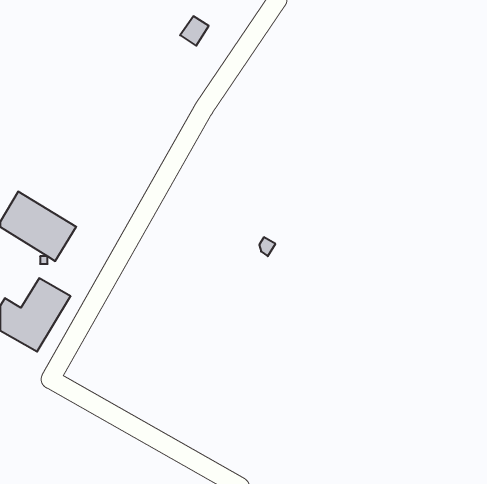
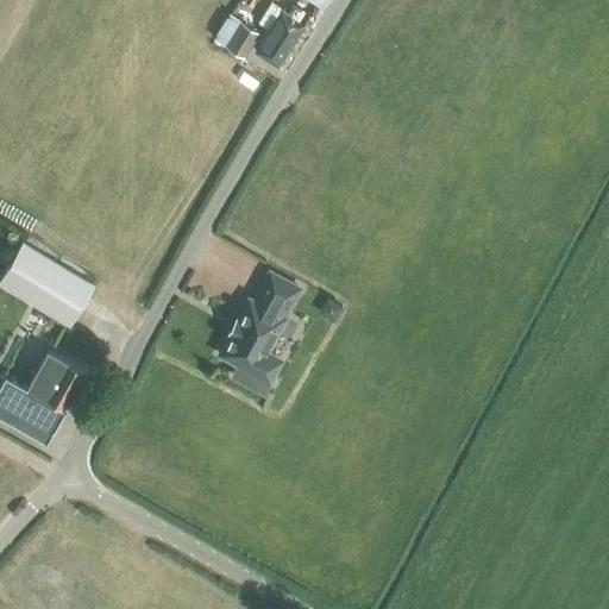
building: none -> [255,13,304,68]
building: none -> [221,275,300,394]

